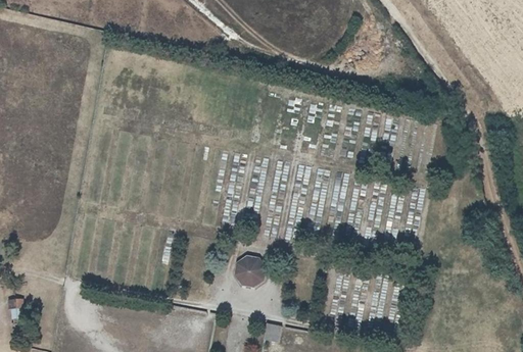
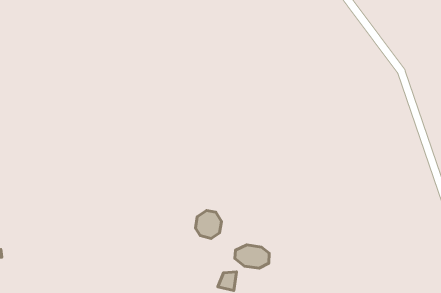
building: none -> [235,245,269,268]

